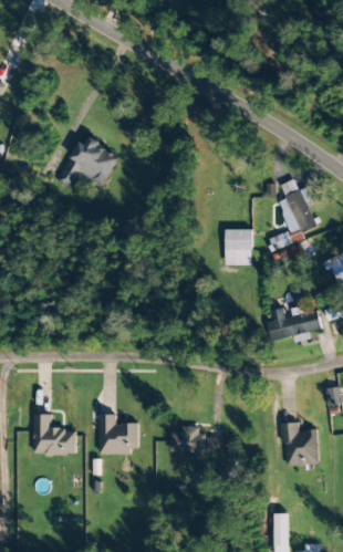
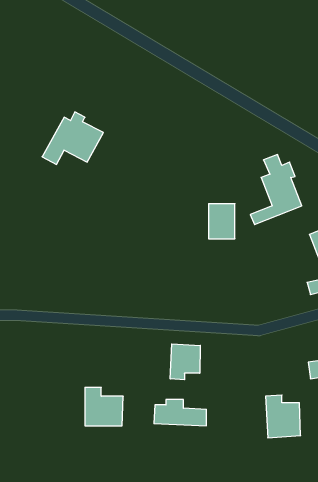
building: [269,304,321,341] -> none
building: none -> [170,344,200,380]
building: [34,414,75,454] -> none

